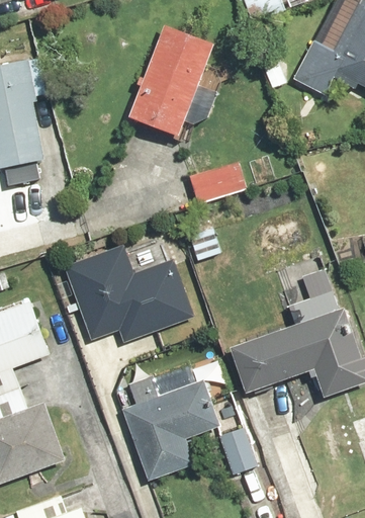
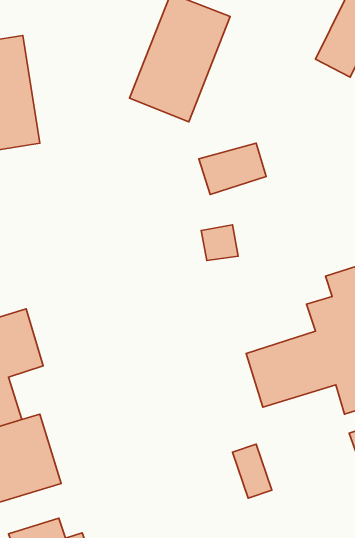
building: [65,242,195,341] -> none
building: [122,366,216,484] -> none

